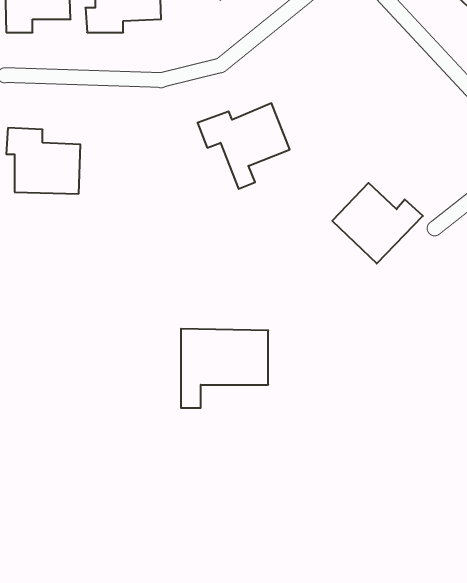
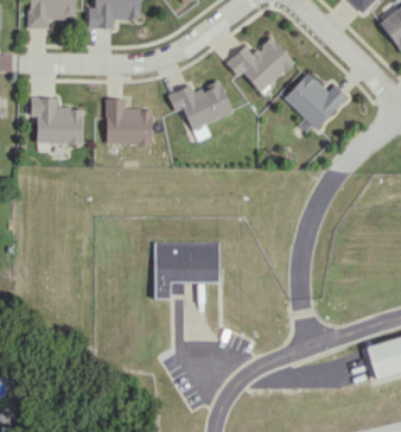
building: none -> [225,37,294,93]
building: none -> [104,99,151,145]
building: [332,183,423,264] -> [281,72,346,131]

